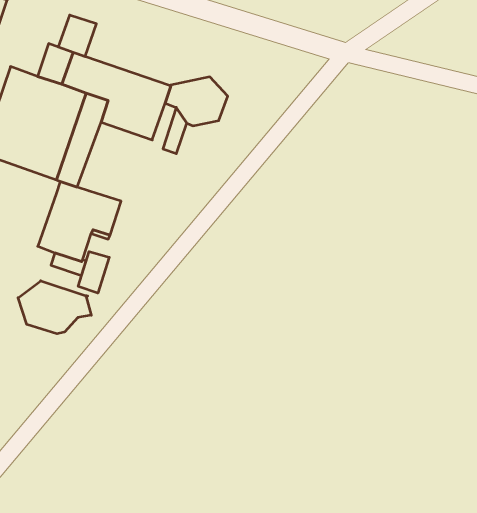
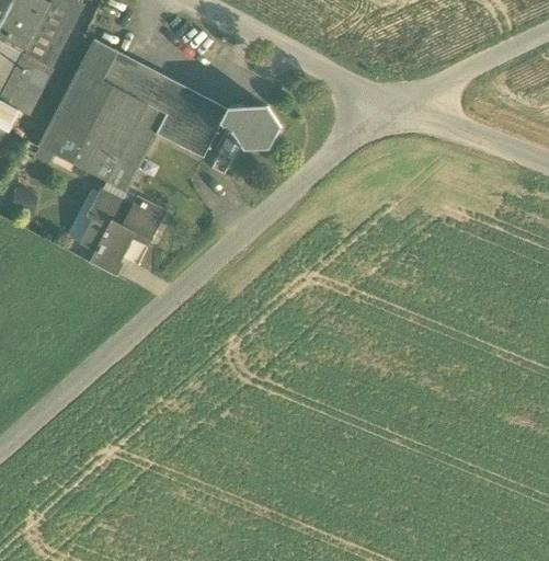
building: [58,15,96,57] -> [78,38,117,80]
building: [78,252,109,293] -> none
building: [18,281,91,334] -> none

